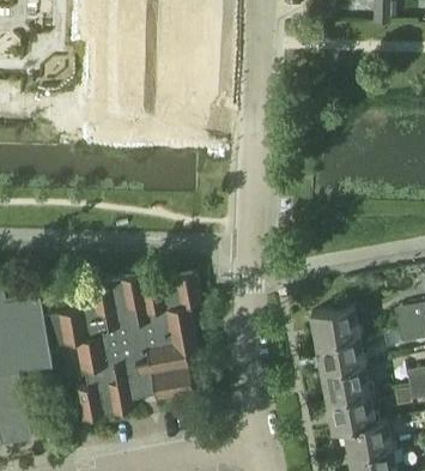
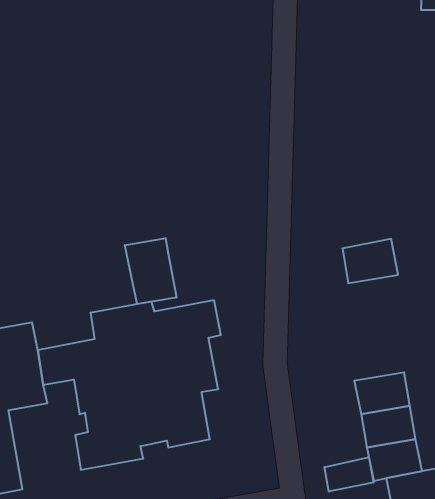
building: none -> [125,238,176,304]
building: [312,306,360,344] -> [342,239,398,283]
building: none -> [324,457,374,492]

